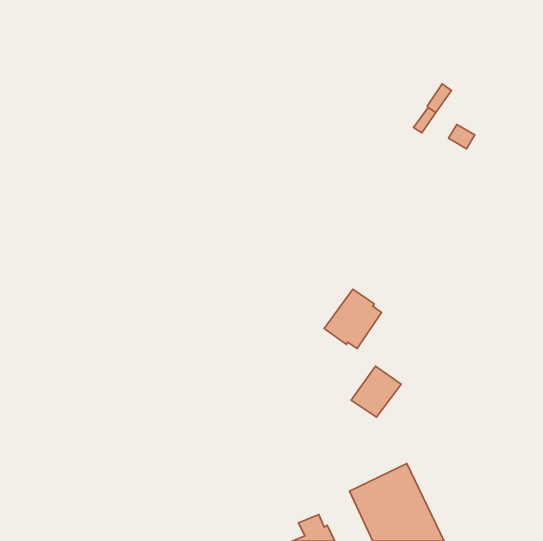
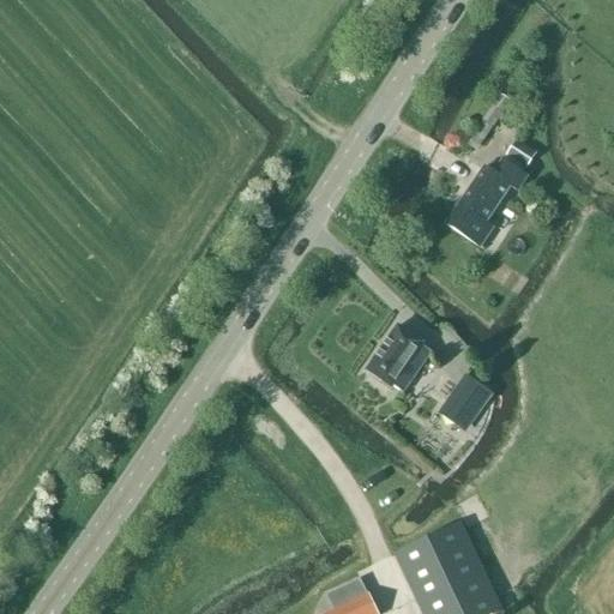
building: none -> [445,161,526,243]
building: [351,366,401,417] -> [437,374,493,432]

